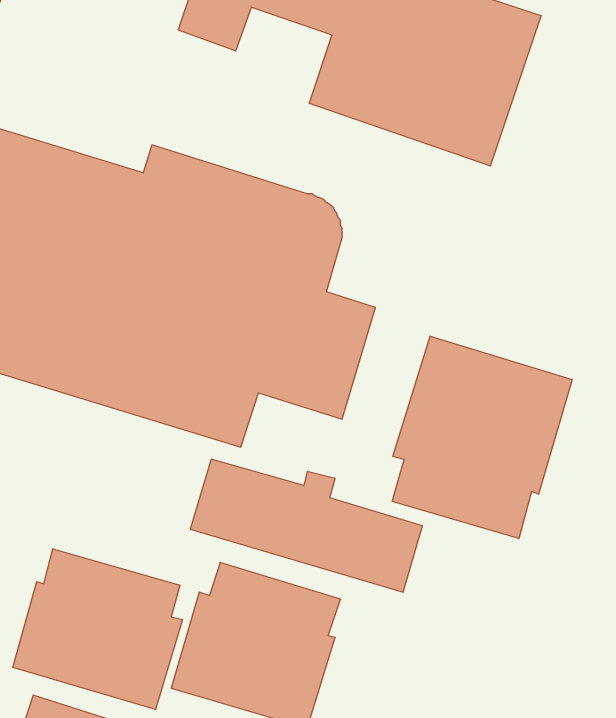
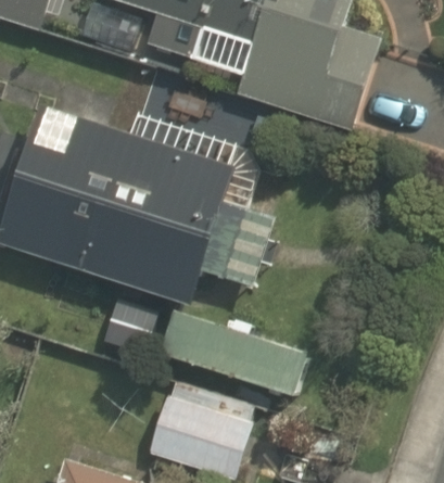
building: [392,336,572,539] -> none
building: [13,549,183,710] -> none

